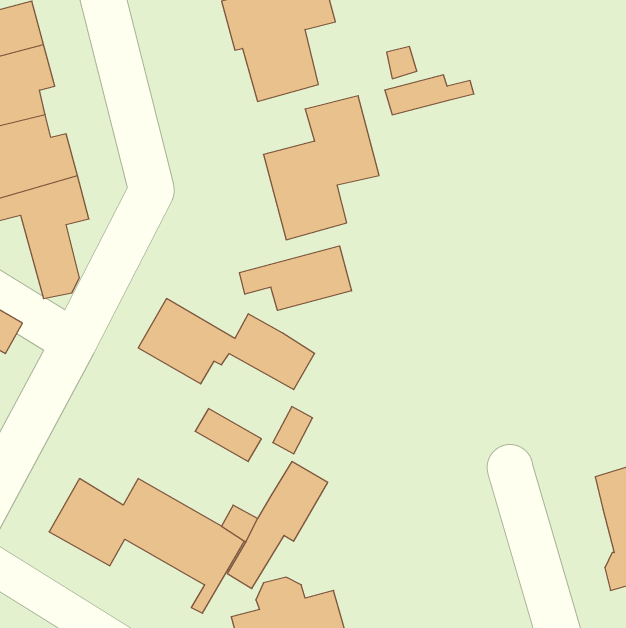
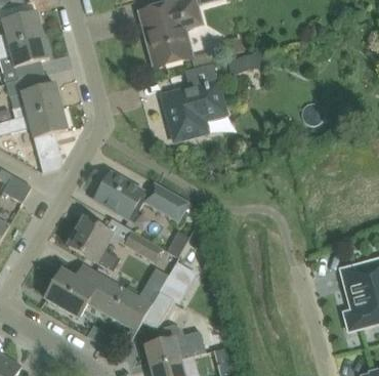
building: [239,246,352,310] -> none
building: none -> [68,217,120,270]

